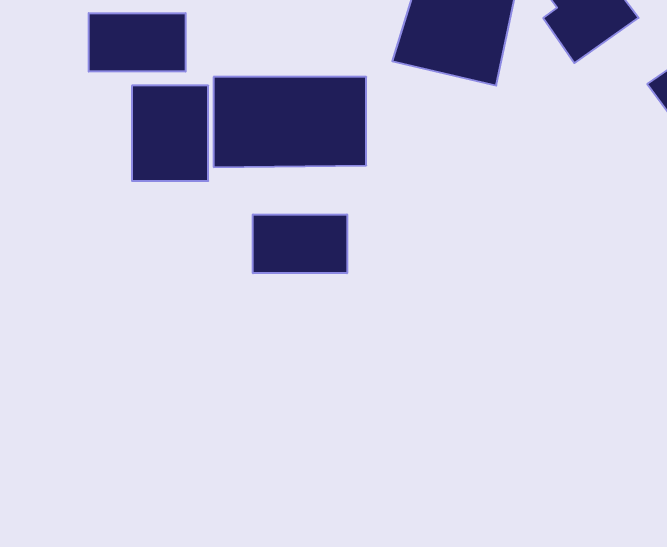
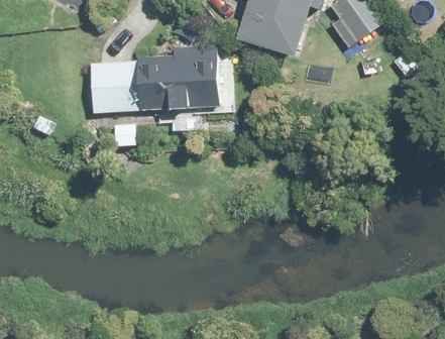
building: [89,13,186,72] -> none
building: [253,214,347,273] -> none

